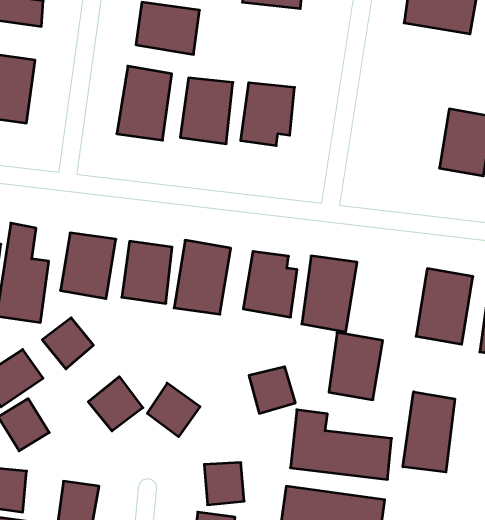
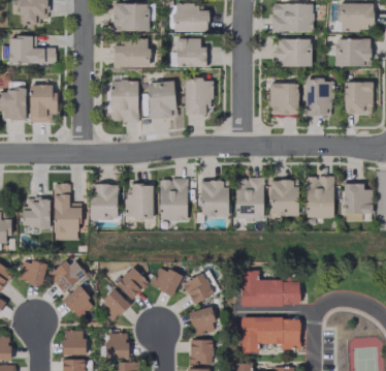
building: none -> [170,37,206,67]
building: none -> [276,39,312,65]
building: none -> [269,83,299,115]
building: [42,318,93,369] -> [99,289,130,320]
building: [329,333,383,400] -> [271,179,299,216]
building: [249,367,295,413] -> [184,274,214,304]
building: [403,392,455,472] -> none

